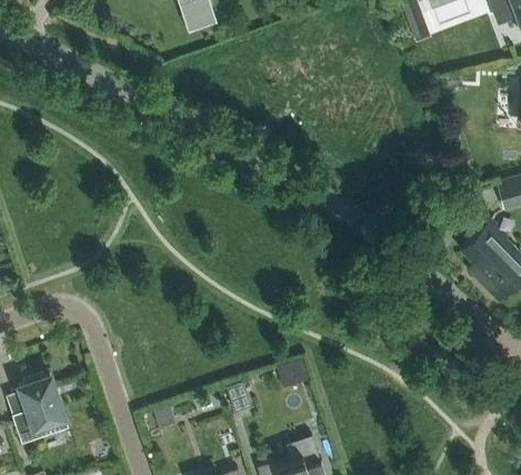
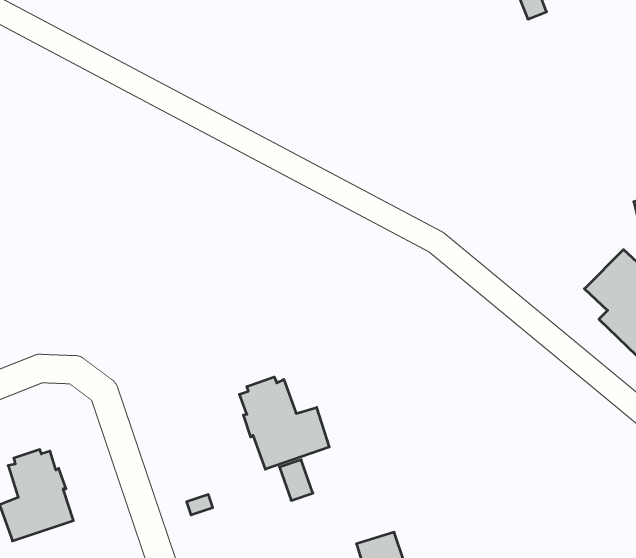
building: none -> [239,377,329,469]

